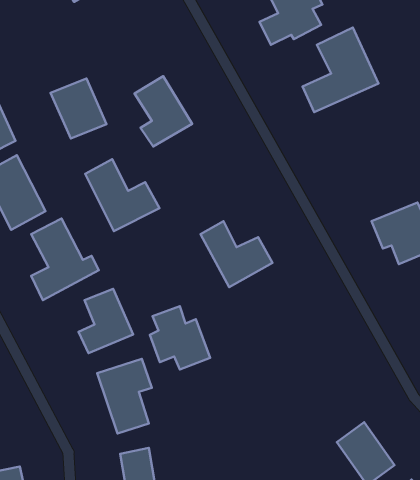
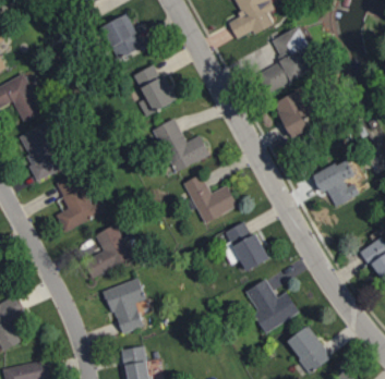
building: [51,78,107,139] -> [101,14,144,60]
building: none -> [273,88,315,138]
building: [85,159,160,231] -> [154,118,210,172]
building: [150,306,210,369] -> [222,222,268,270]
building: none -> [245,279,299,333]

